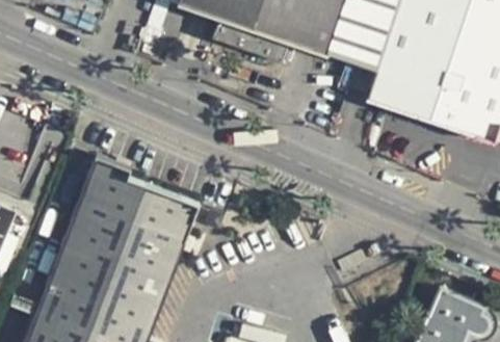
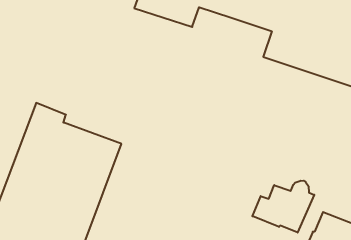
building: none -> [252,181,314,233]

